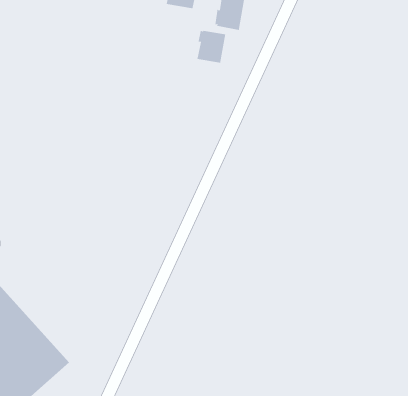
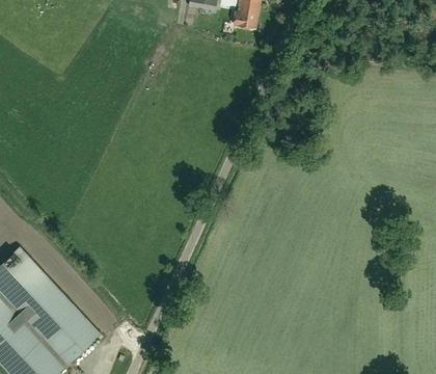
building: [197,30,226,64] -> none

